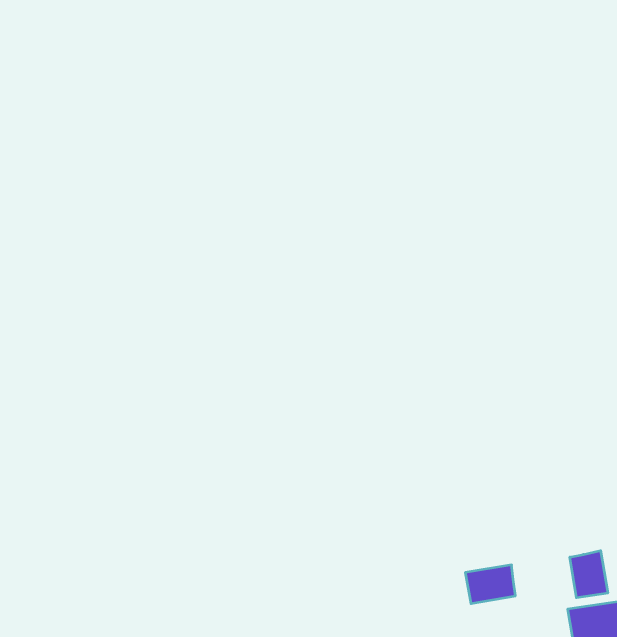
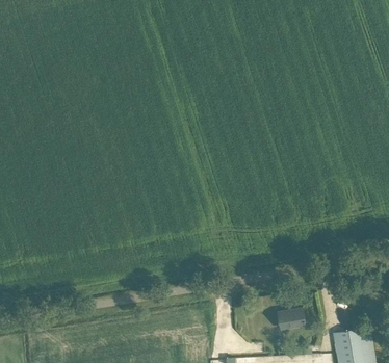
building: [570,551,608,598] -> none

